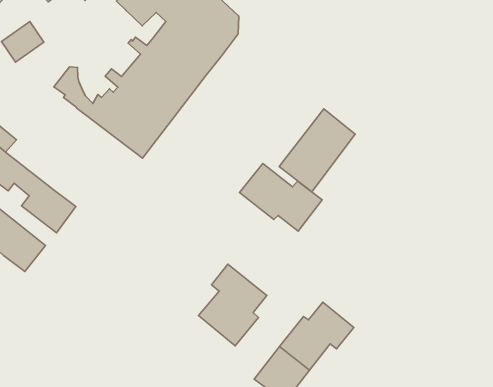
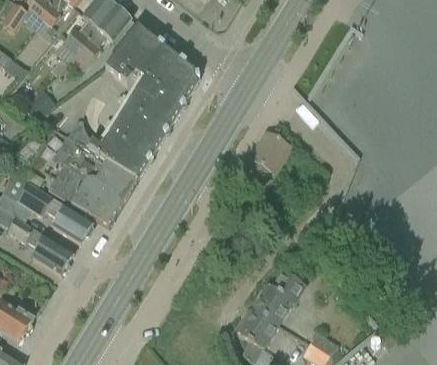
building: none -> [46,142,137,225]
building: [240,163,322,231] -> none
building: [198,264,267,346] -> none

